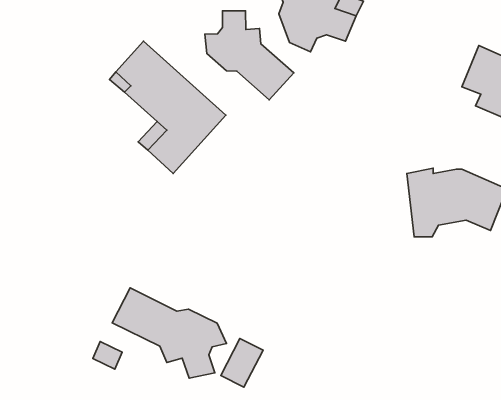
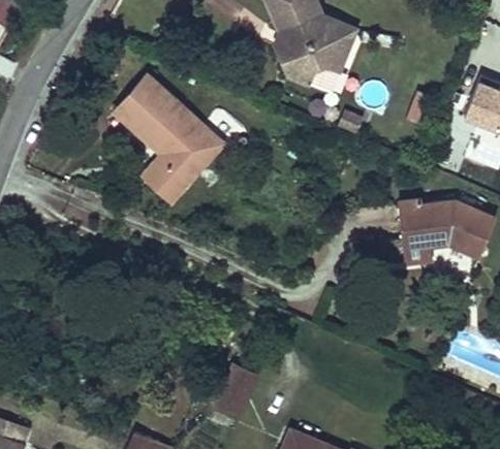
building: [205,11,294,100] -> none
building: [112,288,226,378] -> none

